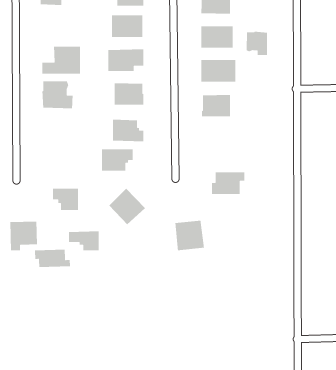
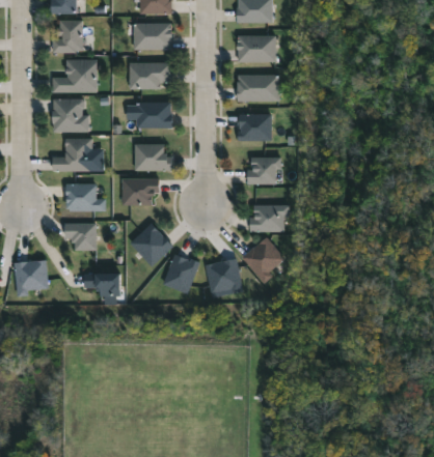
building: none -> [51,20,82,53]
building: [246,31,268,56] -> none
building: none -> [52,139,92,172]
building: none -> [247,158,280,183]
building: none -> [66,184,107,212]
building: none -> [241,237,284,285]
building: none -> [162,255,199,295]
building: [34,249,71,268] -> none

